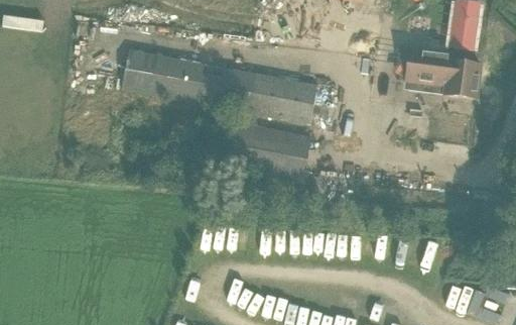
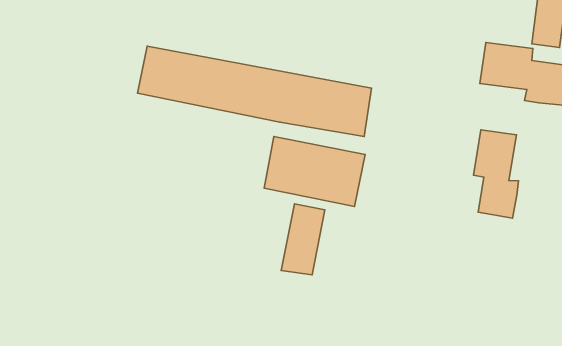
building: none -> [474,130,519,218]
building: none -> [281,204,325,275]

